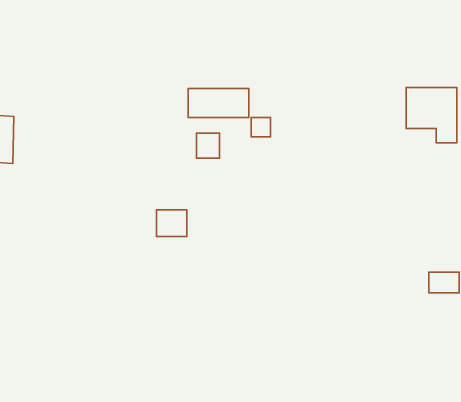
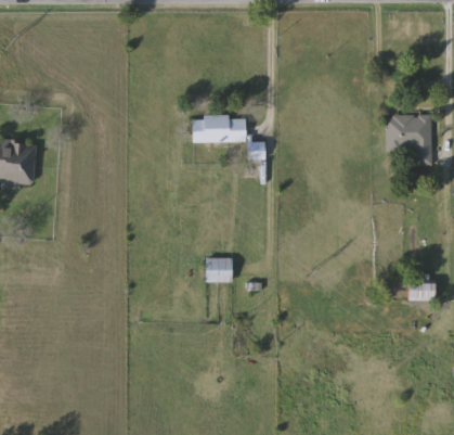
building: [197,133,220,158] -> none
building: [156,210,187,236] -> [204,258,231,282]

